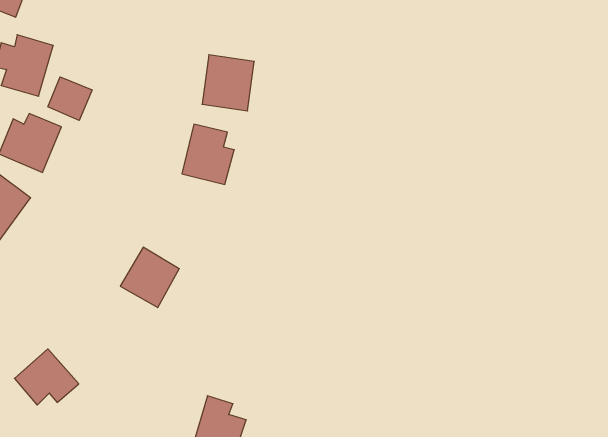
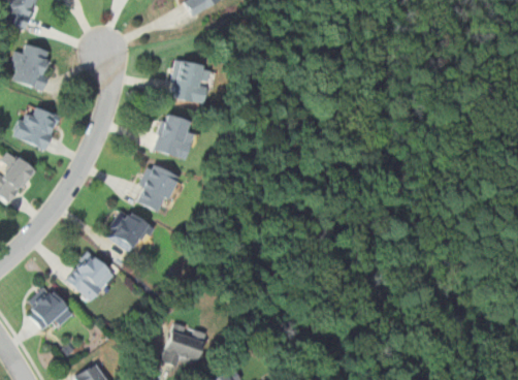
building: [48,77,92,120] -> none
building: none -> [134,162,179,213]
building: none -> [64,250,115,302]

